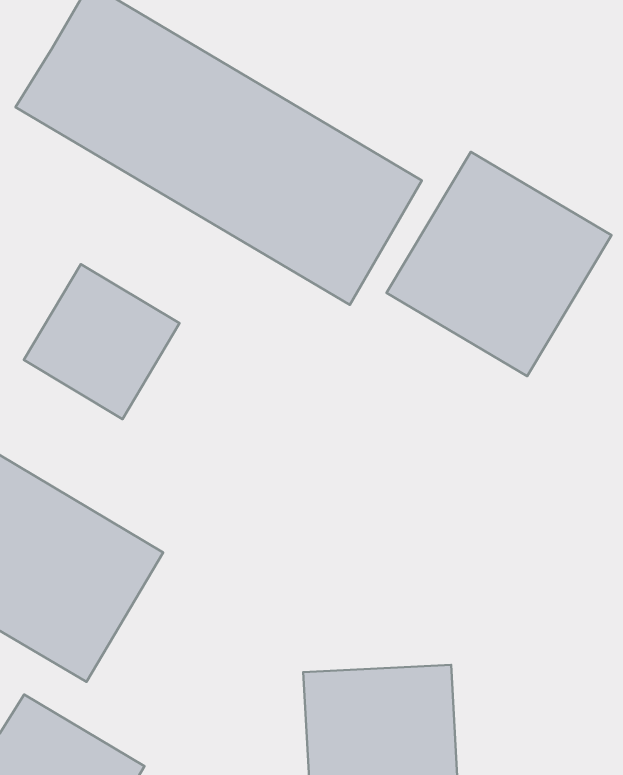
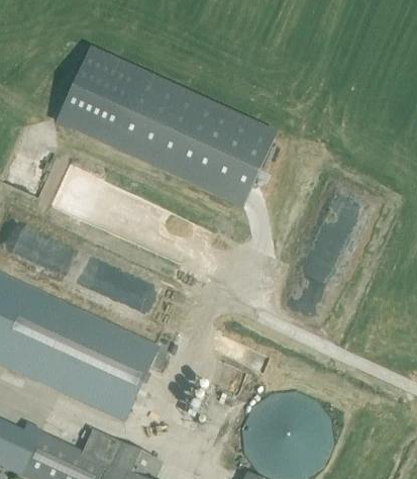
building: [386,152,612,376] -> none
building: [24,264,179,419] -> none

